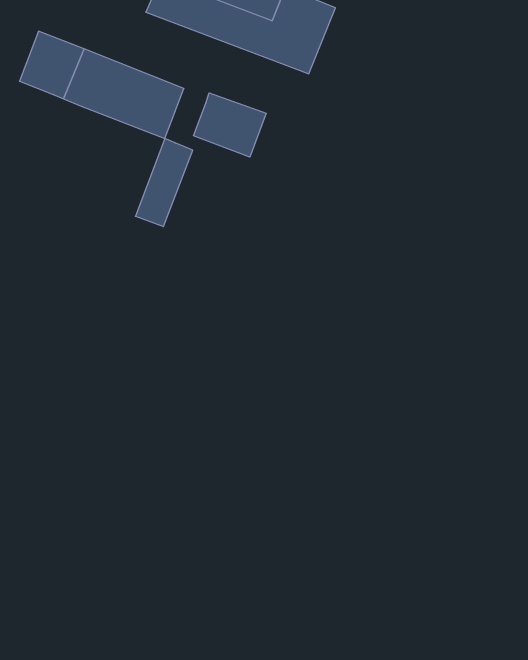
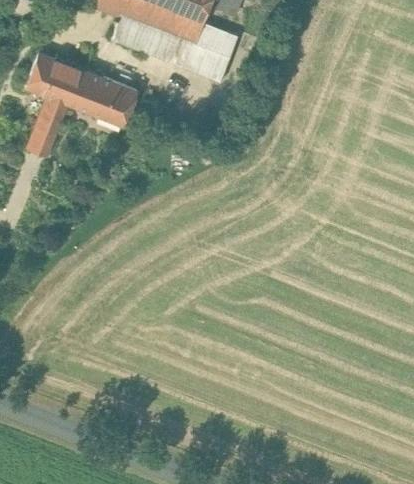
building: [194,93,266,157] -> none
building: [135,138,193,227] -> [28,94,67,154]

